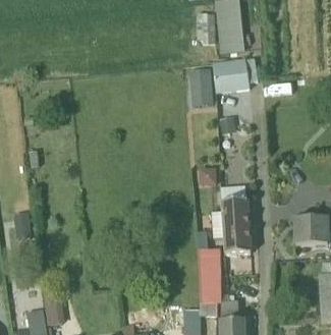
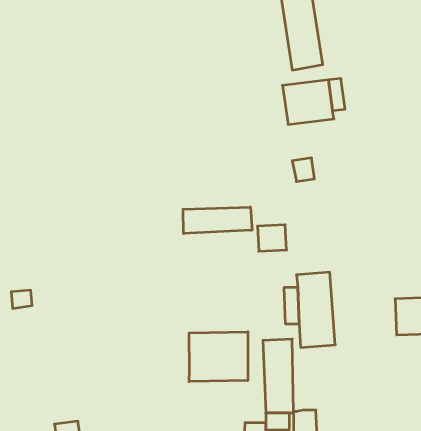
building: [191,68,213,97] -> none
building: none -> [183,207,252,234]
building: none -> [189,332,248,382]

